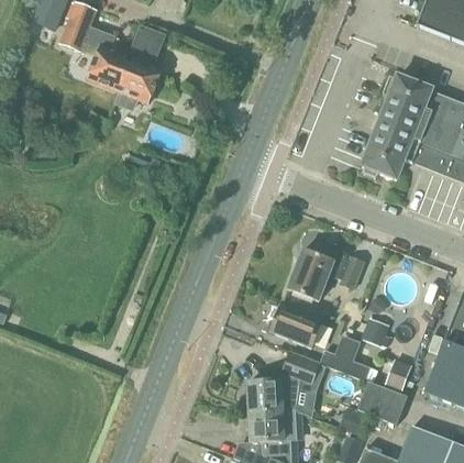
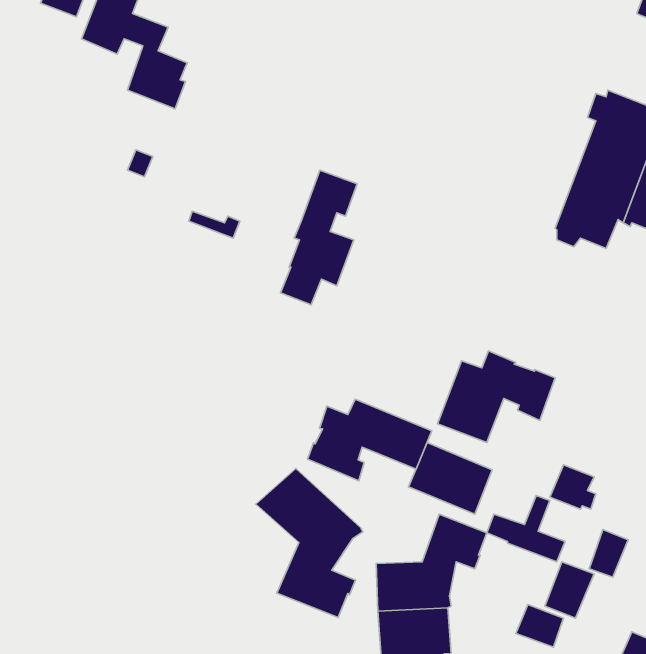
building: [113,24,163,111] -> [281,170,357,305]
building: none -> [308,399,432,481]
building: none -> [256,469,363,617]
building: [377,387,408,423] -> none

